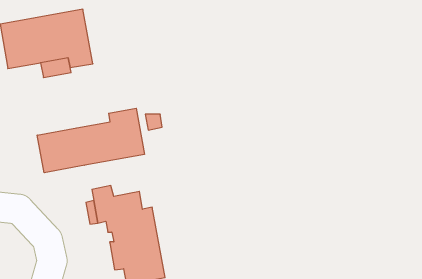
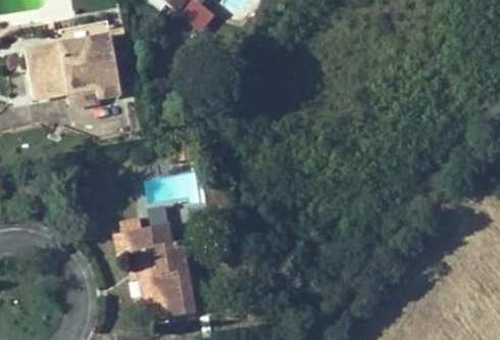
building: [37,108,144,173] -> none

